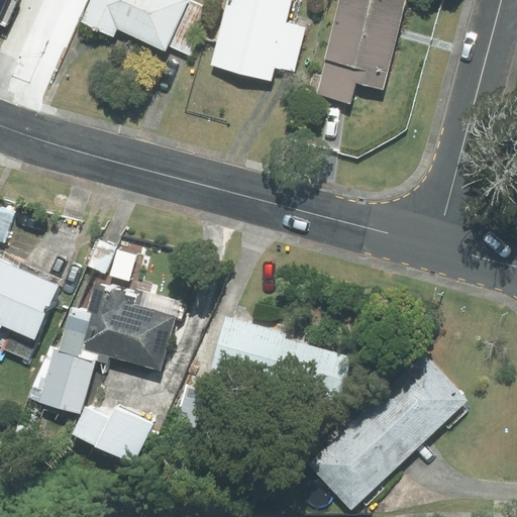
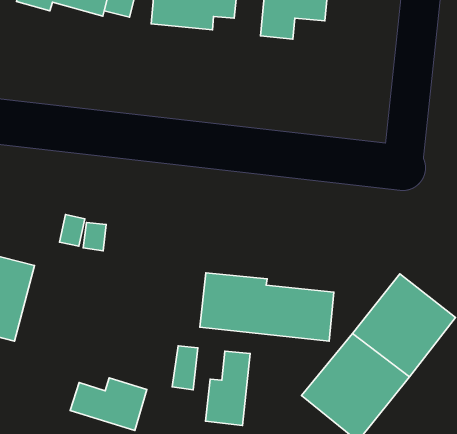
building: [38,282,183,411] -> none
building: none -> [206,351,250,425]

